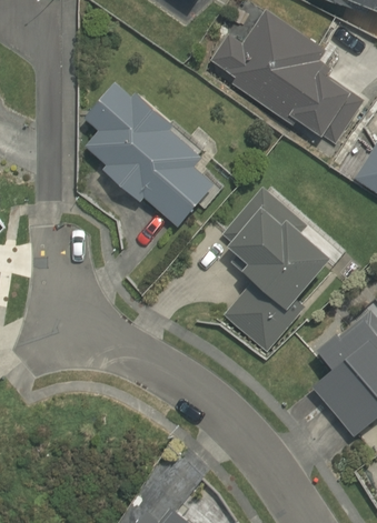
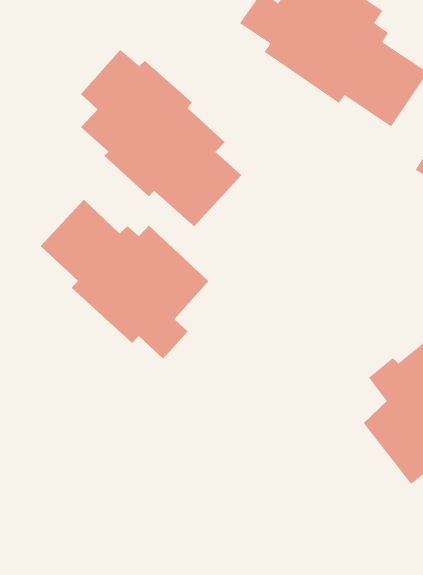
building: [217,184,330,351] -> none
building: none -> [40,199,209,359]

